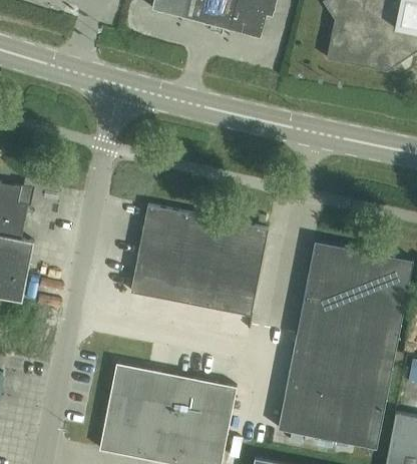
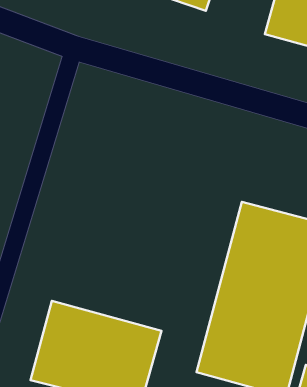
building: [130,204,268,315] -> none

